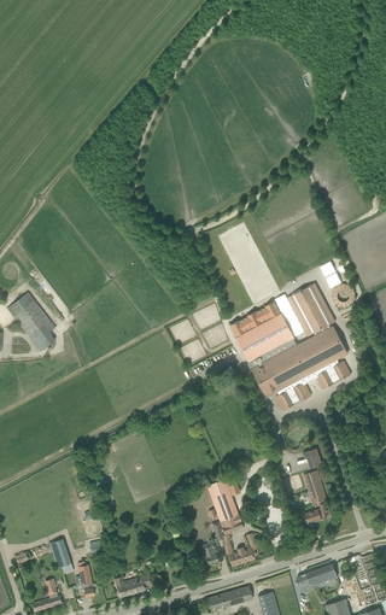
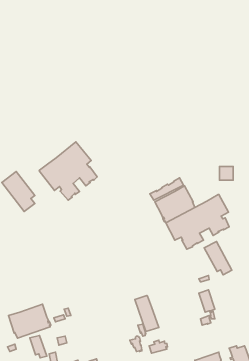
building: none -> [39,142,97,200]
building: [290,283,333,335] -> none
building: none -> [204,241,232,275]
building: none -> [9,304,51,338]

